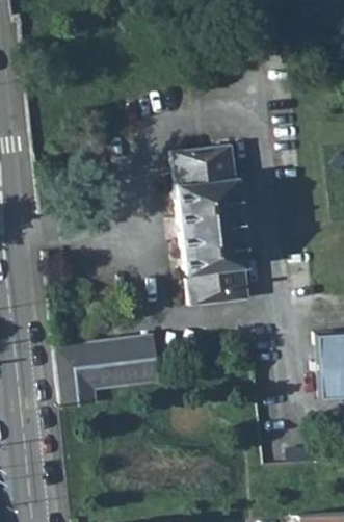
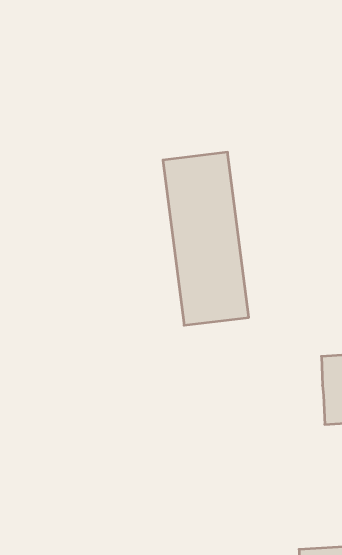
building: [55,335,161,406] -> none

